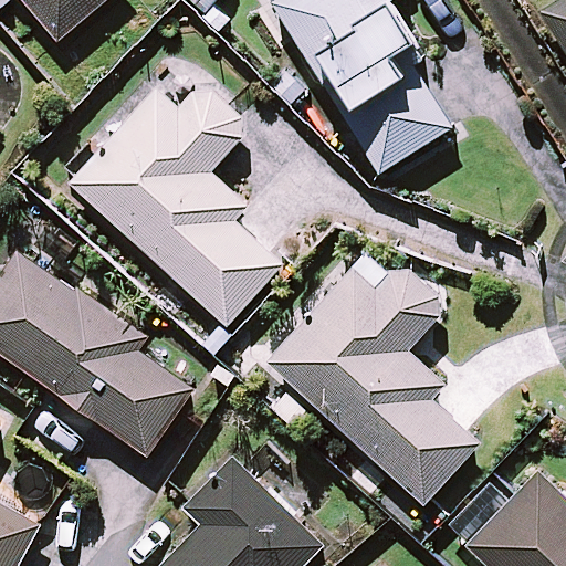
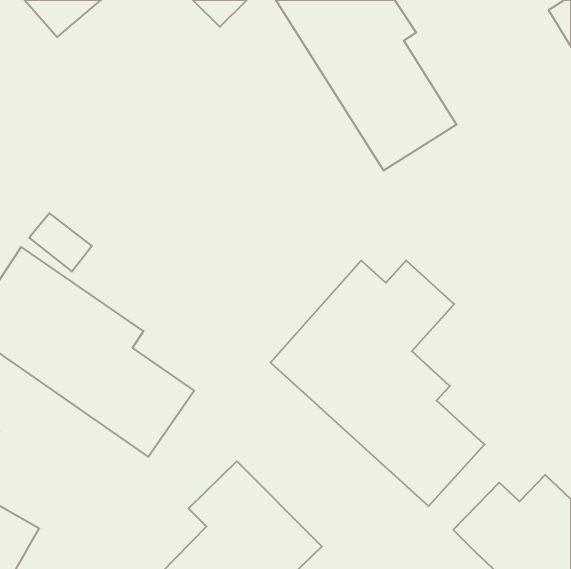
building: [71,92,282,325] -> none

